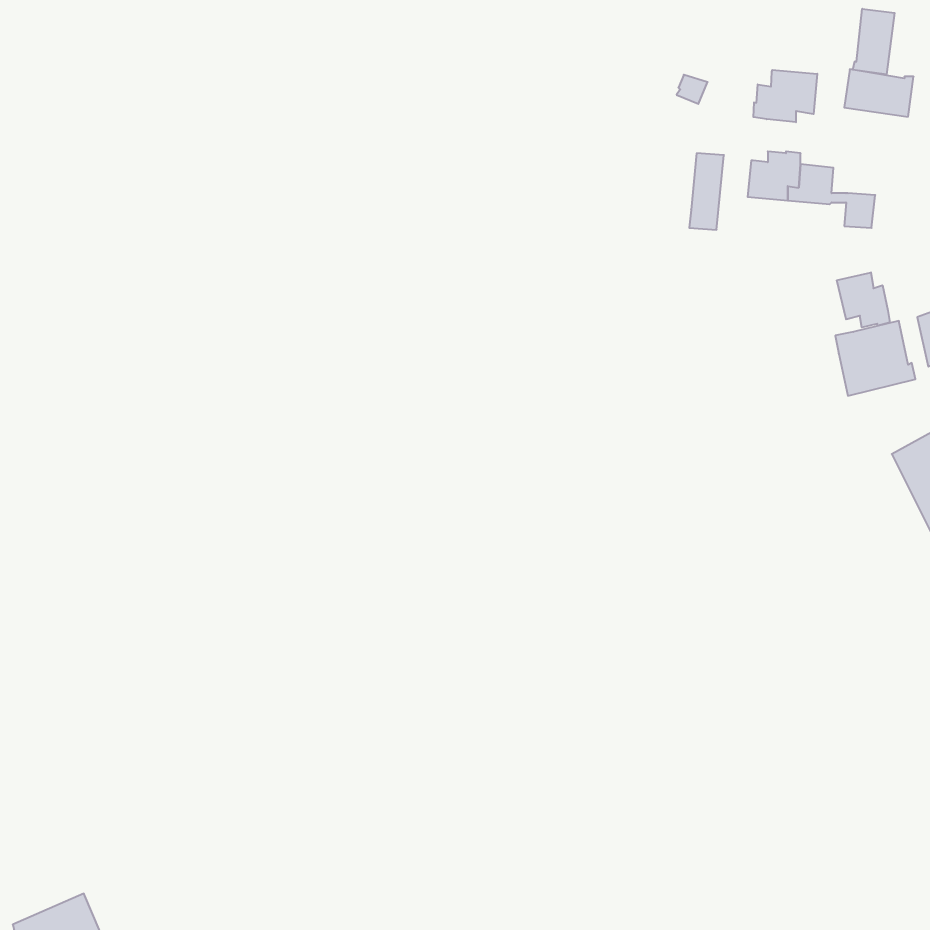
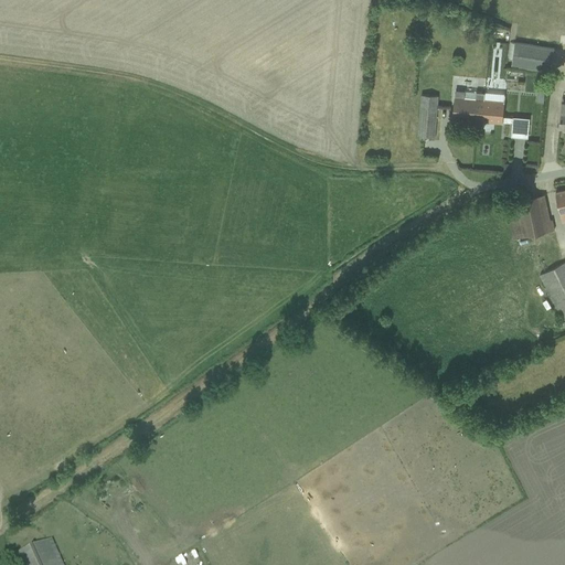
building: [853,9,895,74] -> none
building: [753,70,817,122] -> none
building: [837,272,890,327] -> none

